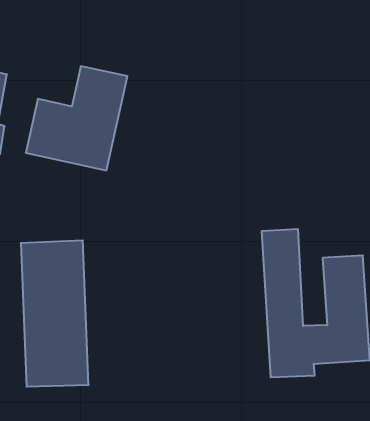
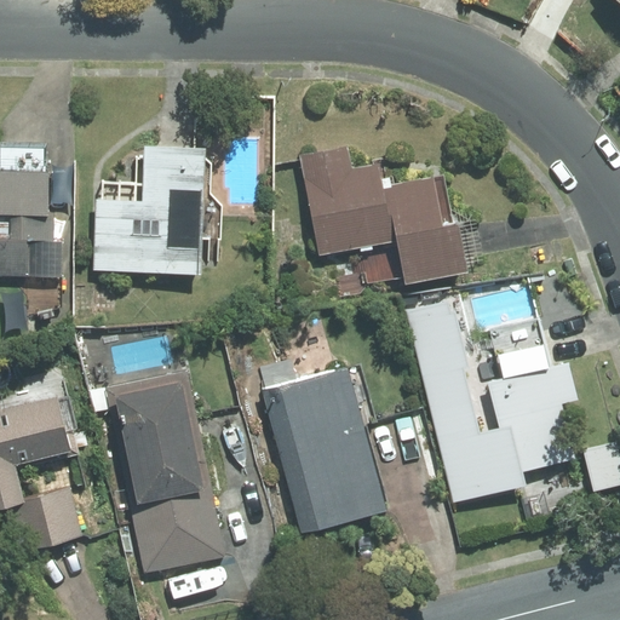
building: none -> [299,148,464,285]
building: none -> [263,364,384,534]

